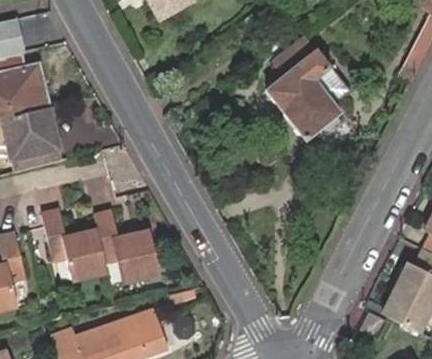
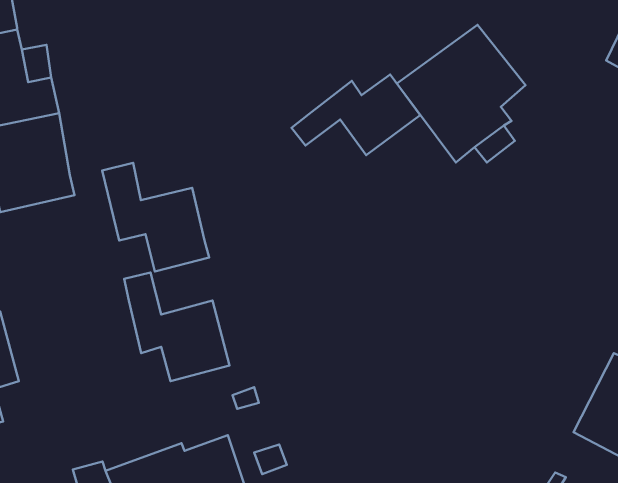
building: none -> [292,74,420,155]
building: [36,212,105,282] -> [102,163,209,271]

